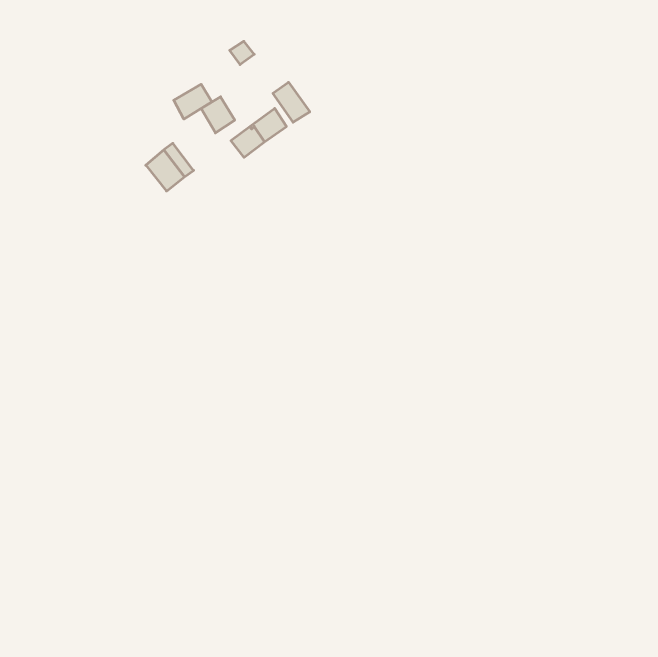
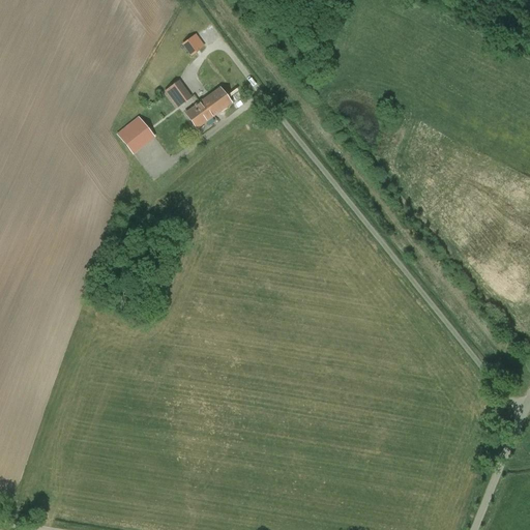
building: [273,82,310,122] -> none
building: [174,84,212,119] -> none

